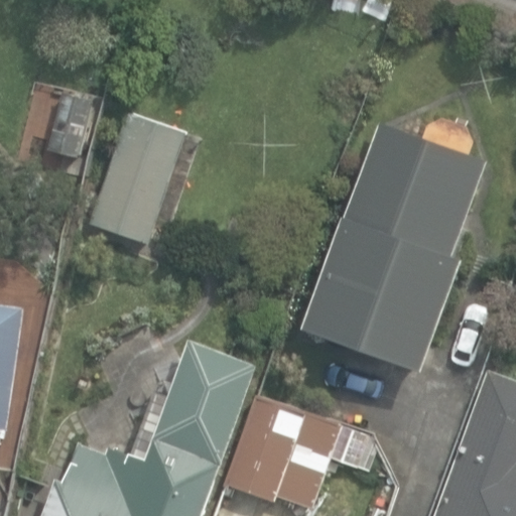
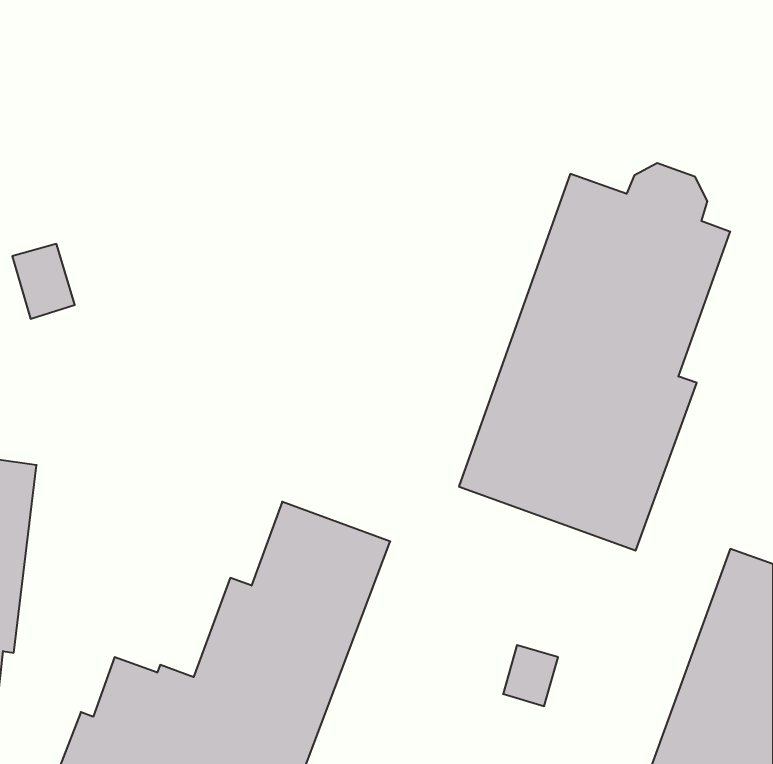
building: [90,114,184,243] -> none
building: [224,399,337,510] -> none

